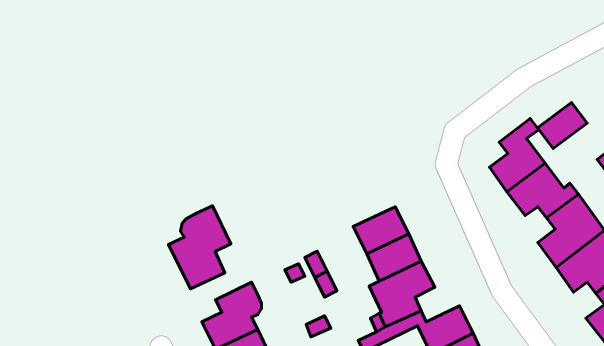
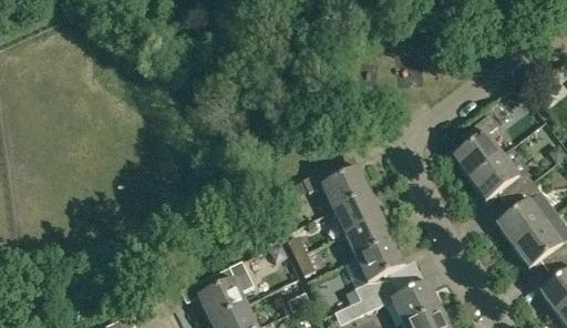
building: [537,103,587,149] -> none
building: none -> [303,164,370,211]
building: [168,206,231,289] -> none

